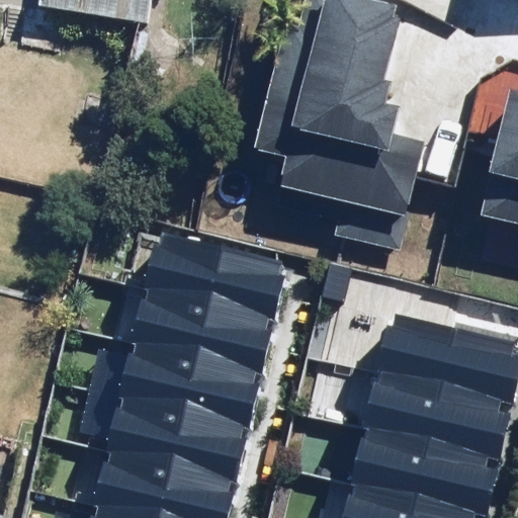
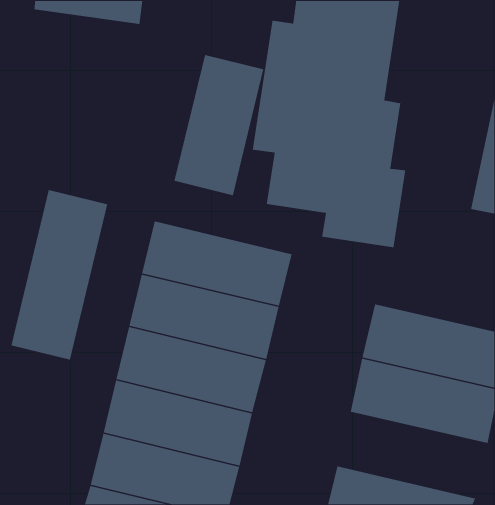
building: none -> [174,54,264,196]
building: none -> [11,189,108,361]
building: [345,422,500,510] -> none

